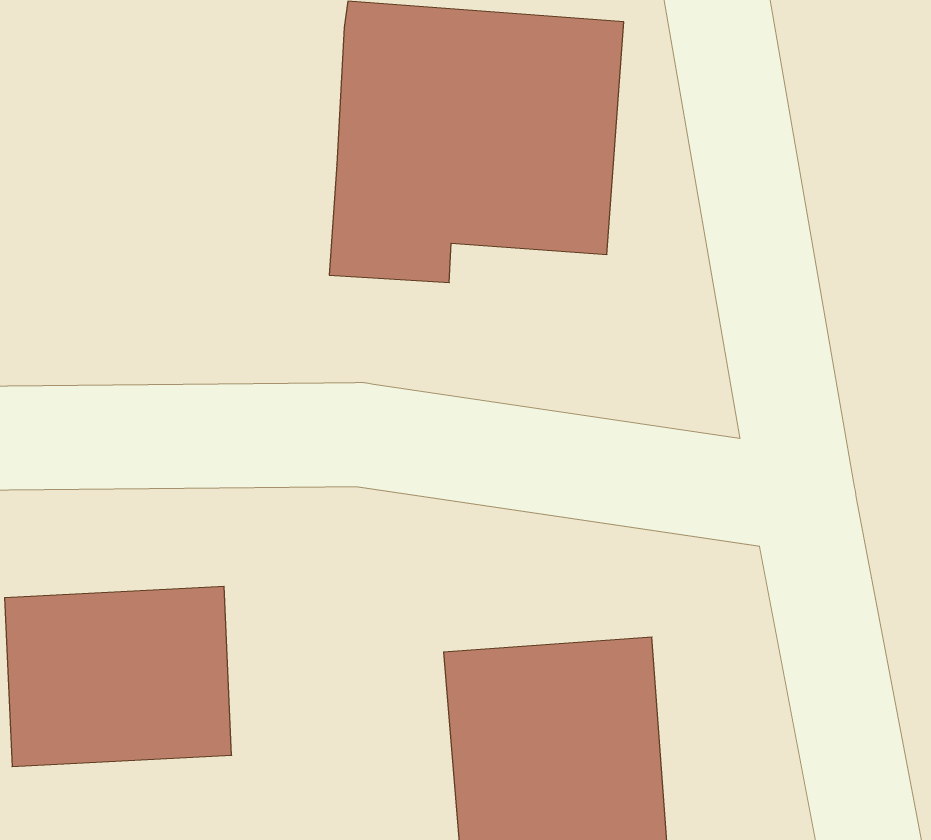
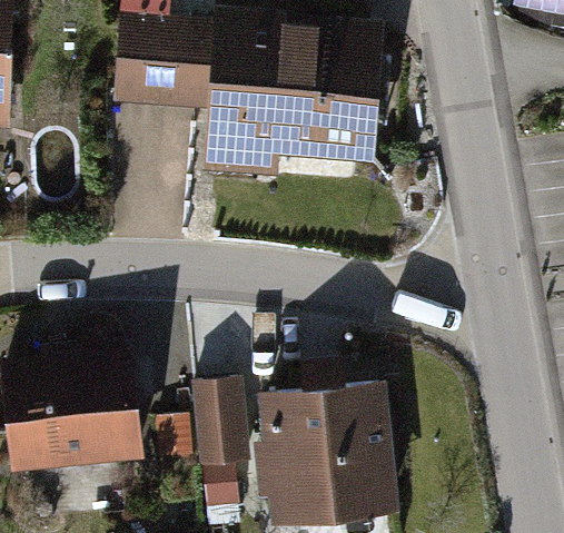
building: none -> [110,19,207,106]
building: none -> [186,378,253,468]

